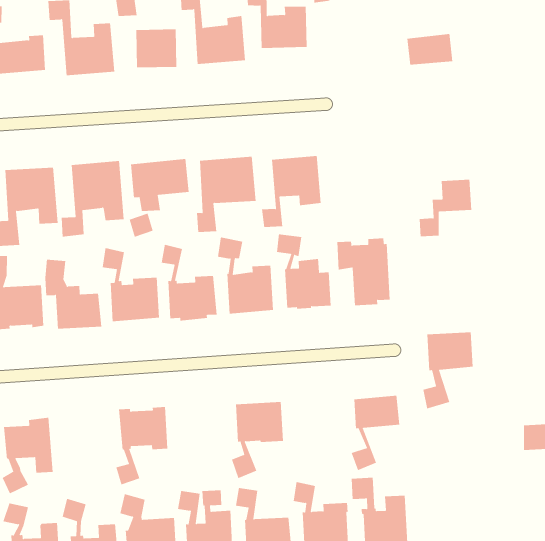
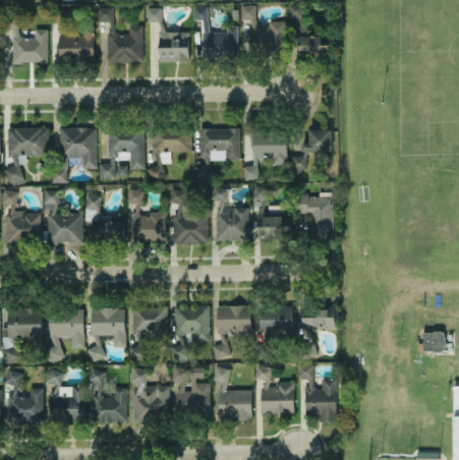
building: [407,33,453,65] -> [298,36,331,57]
building: [419,179,472,237] -> [292,130,331,170]
building: [422,332,474,409] -> [254,306,292,360]
building: none -> [170,304,210,360]
building: none -> [88,306,124,361]

